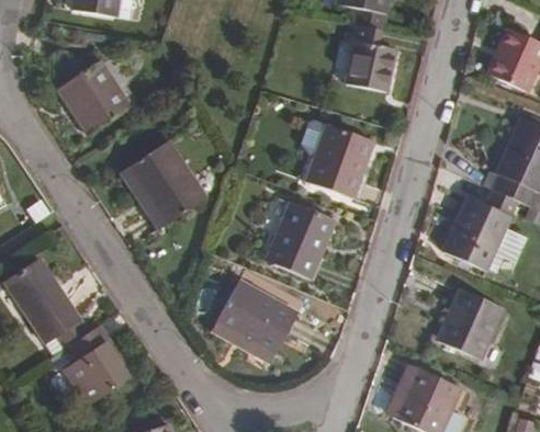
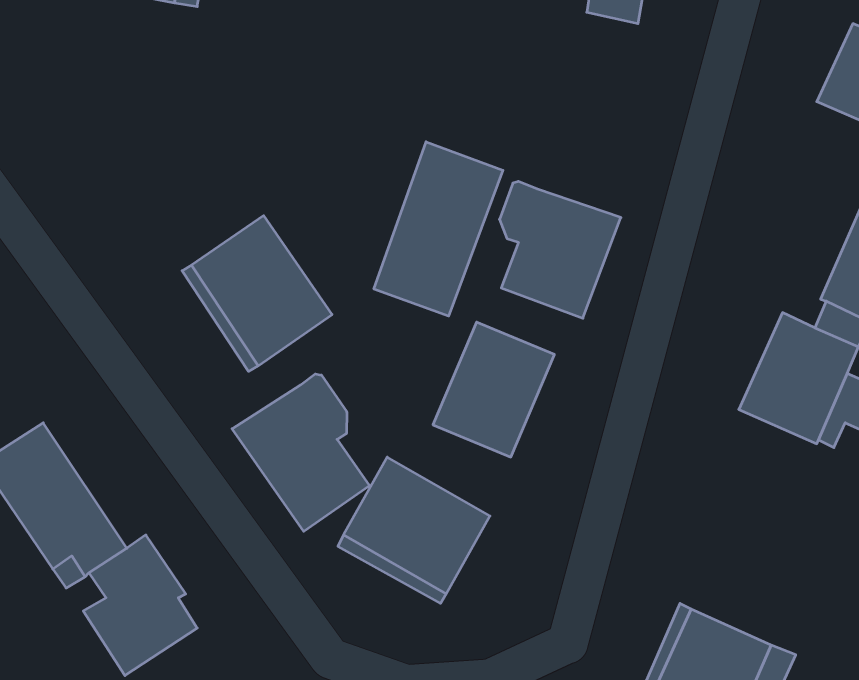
building: [345,22,395,91] -> none
building: [56,59,131,134] -> none
building: none -> [374,142,503,316]
building: none -> [232,374,369,531]
building: [436,287,504,360] -> none

